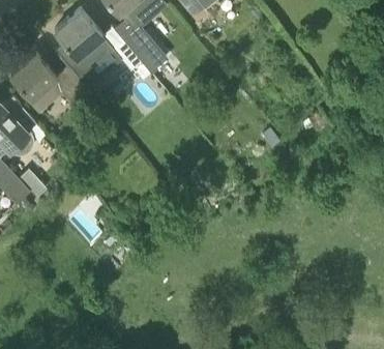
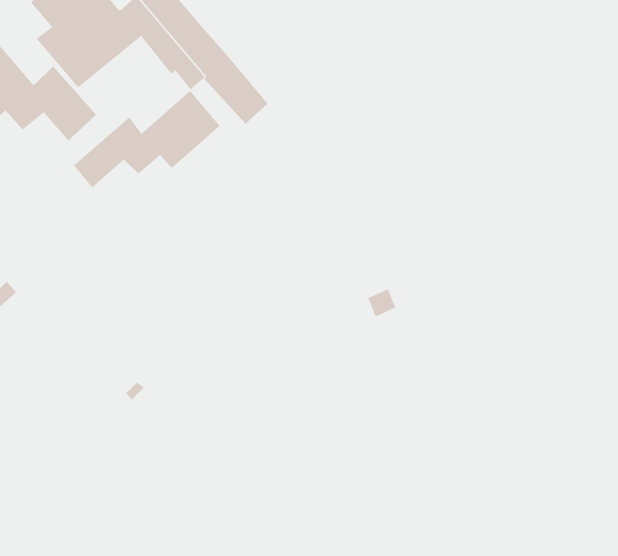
building: none -> [73,90,221,188]

